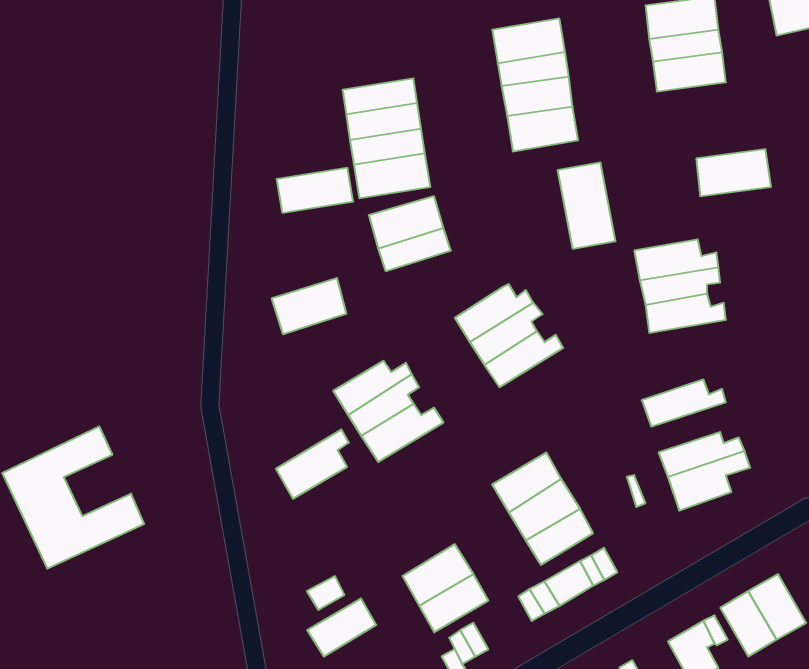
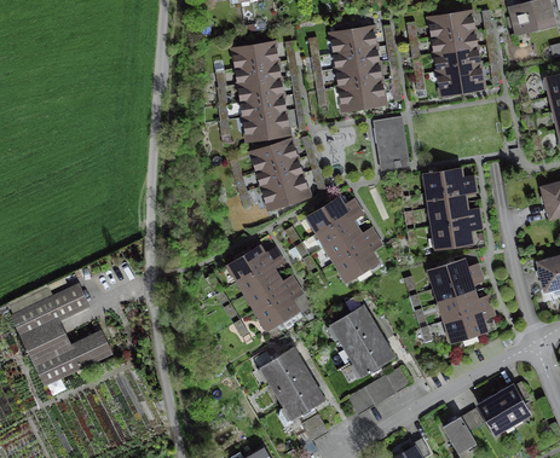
building: [696,149,771,196] -> [437,65,485,95]
building: [277,168,353,213] -> [230,41,279,70]
building: [272,278,346,334] -> [261,174,310,210]
building: none -> [432,219,484,250]
building: none -> [335,237,382,284]
building: none -> [433,272,485,305]
building: [276,429,349,499] -> [256,285,304,330]
building: [307,599,376,657] -> [261,347,306,384]

